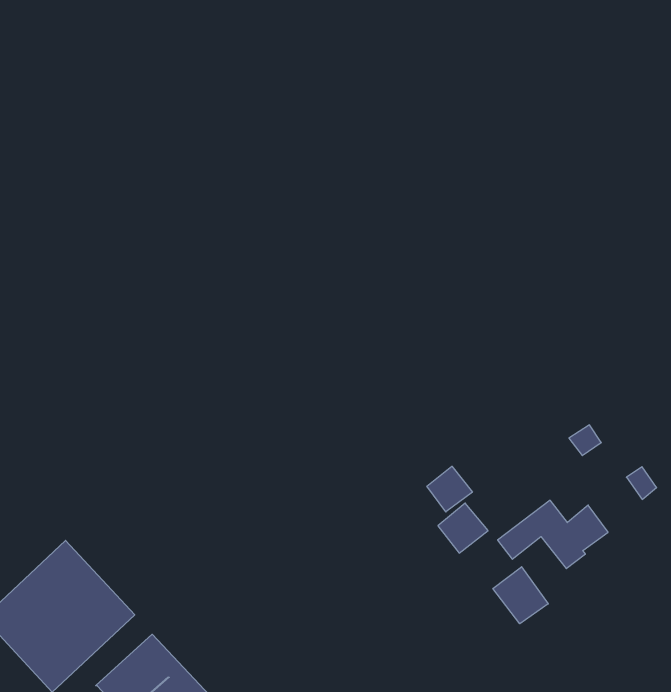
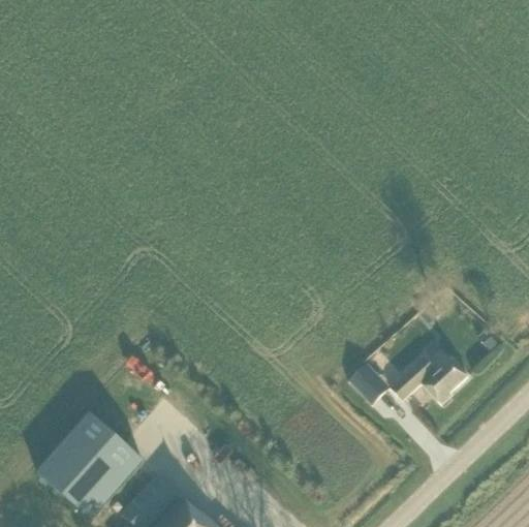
building: [427,466,472,512] -> none
building: [493,567,548,624] -> none

